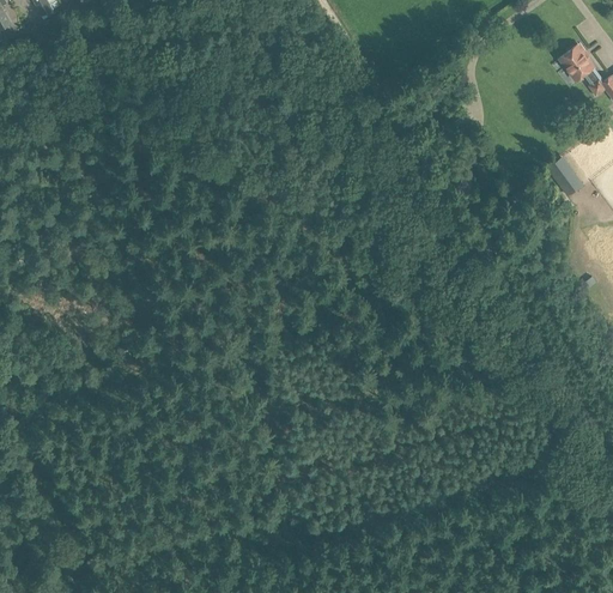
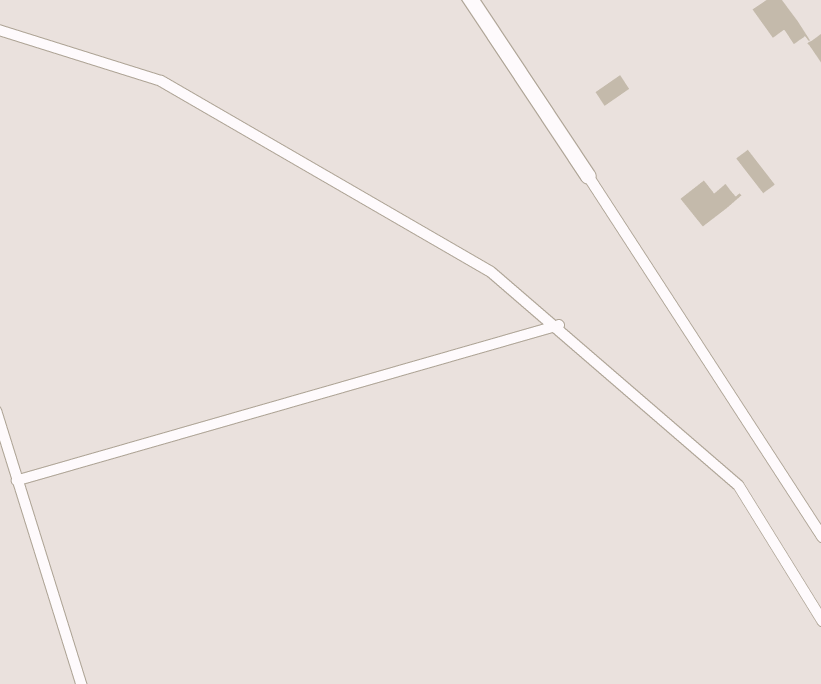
building: none -> [679,180,743,228]

